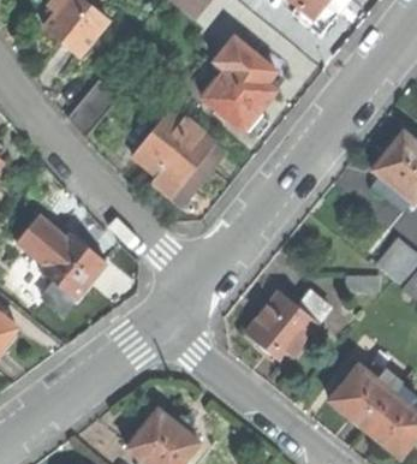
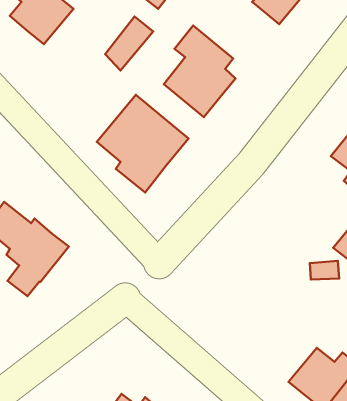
building: [68,79,118,135] -> [105,16,153,70]
building: [246,292,332,364] -> none

